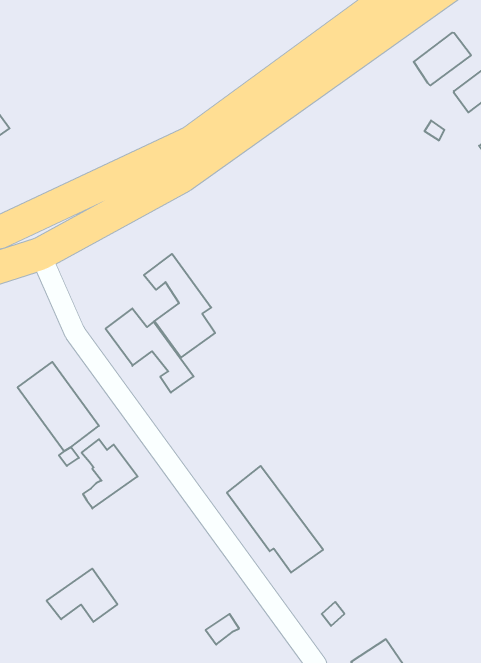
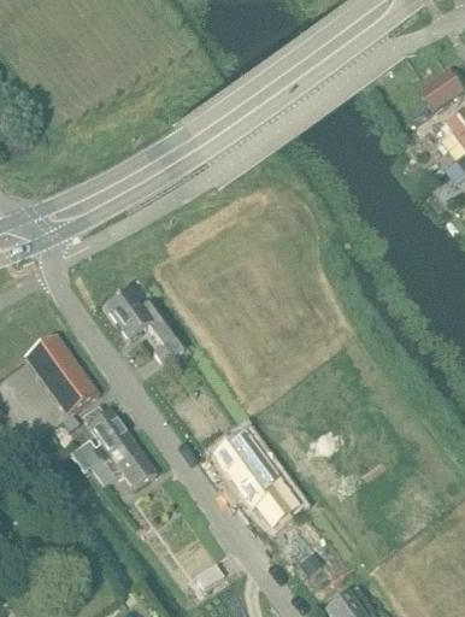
building: [414,33,471,85] -> none
building: [144,254,215,358] -> none
building: [47,569,117,622] -> [93,439,157,487]

